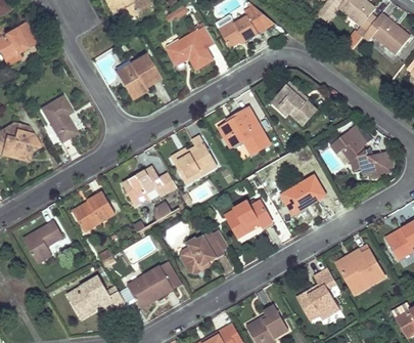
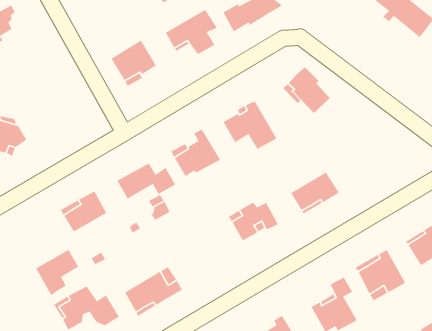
building: [43,97,77,141] -> none
building: [327,126,392,179] -> none
building: [22,220,62,263] -> [35,249,79,296]
building: [178,231,228,274] -> none

